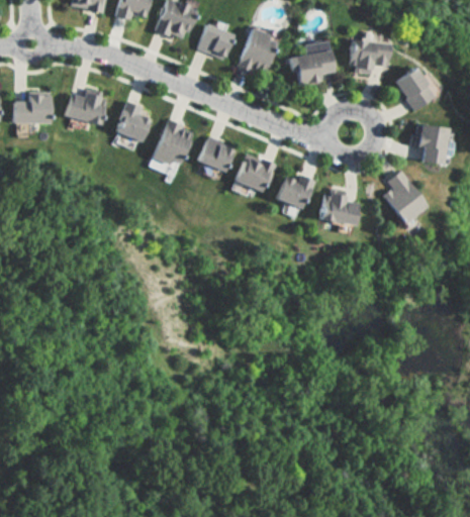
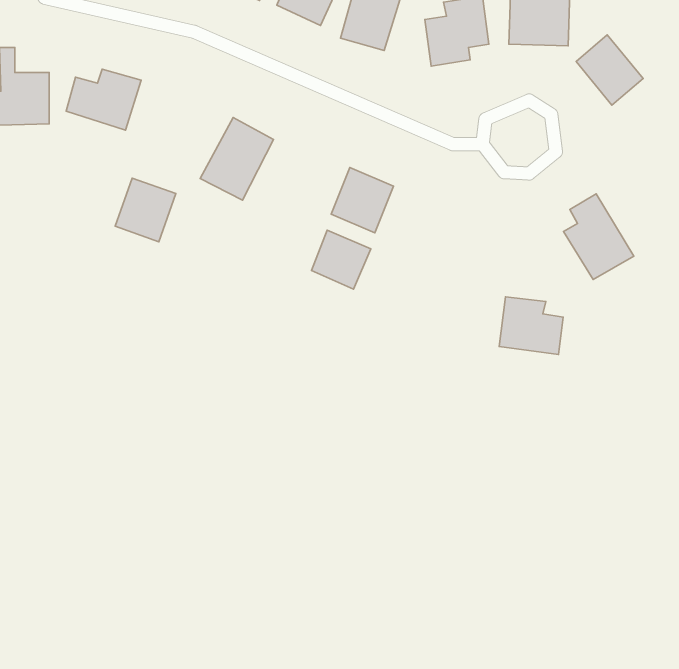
building: [113,101,153,142] -> [115,178,176,242]
building: [413,125,448,164] -> none
building: [195,134,236,174] -> none
building: [275,172,313,210] -> [312,230,371,289]
building: [320,188,362,225] -> [499,297,563,354]

